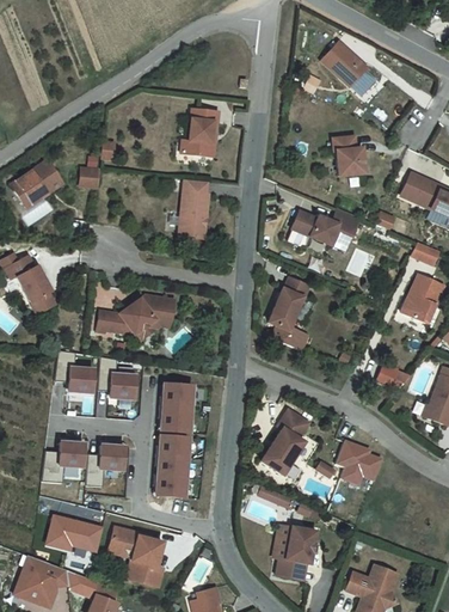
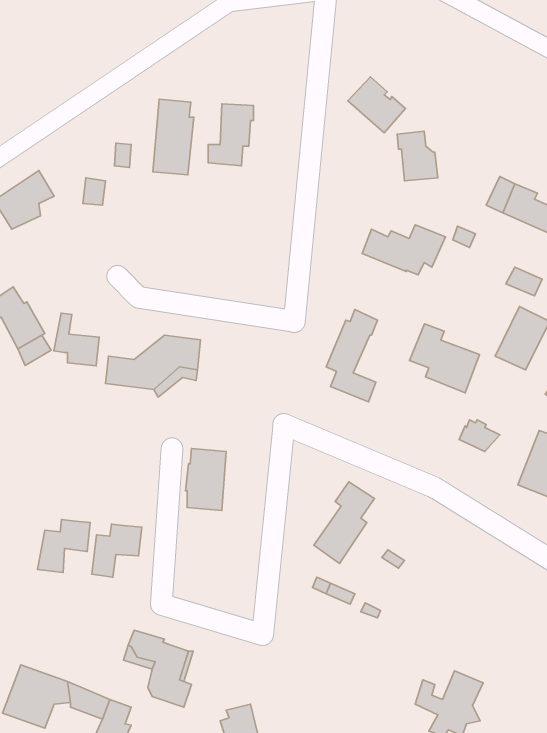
building: [322,41,368,85] -> [348,77,405,133]
building: [178,182,210,241] -> [153,99,194,175]
building: none -> [409,324,480,393]
building: [61,349,97,391] -> [54,313,99,366]
building: [102,356,137,398] -> none
building: [155,434,190,496] -> none
building: [334,442,379,484] -> none
building: [48,514,104,551] -> none
building: [275,521,316,574] -> none

